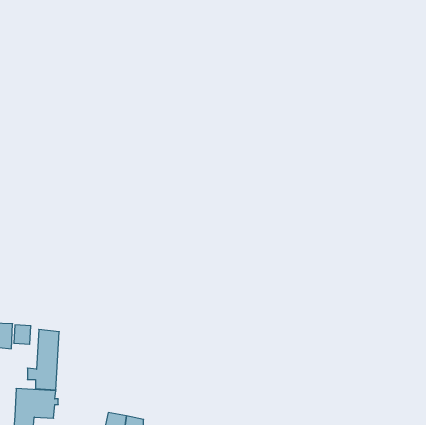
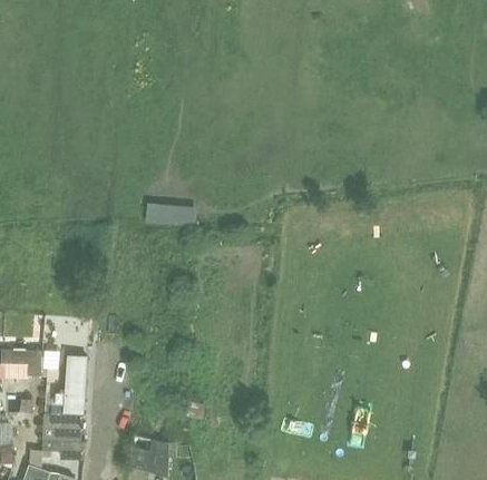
building: none -> [139,204,189,226]

